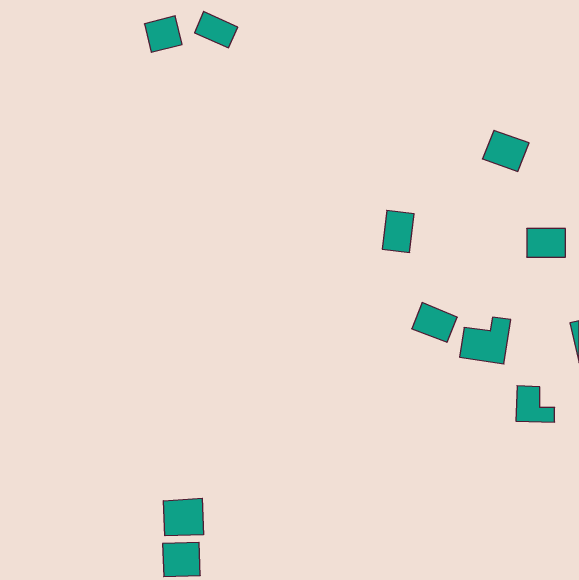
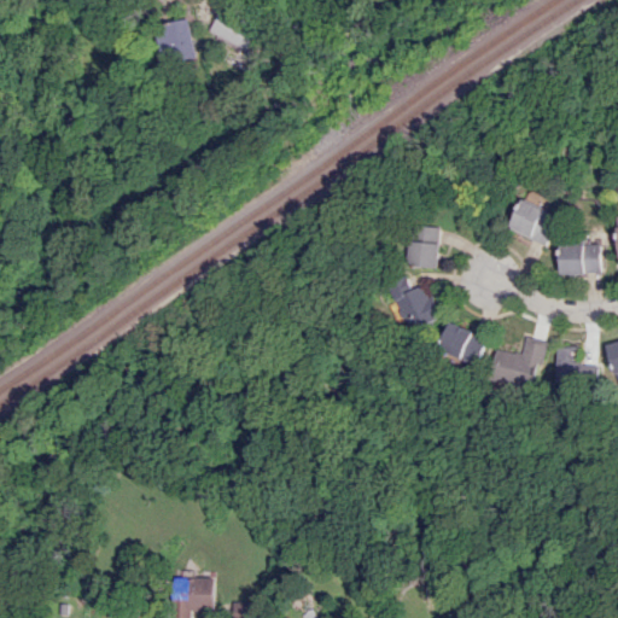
building: [482,130,529,171] -> [507,200,556,244]
building: none -> [387,278,439,332]
building: [516,386,555,422] -> [553,348,594,386]
building: [163,498,203,536] -> none

